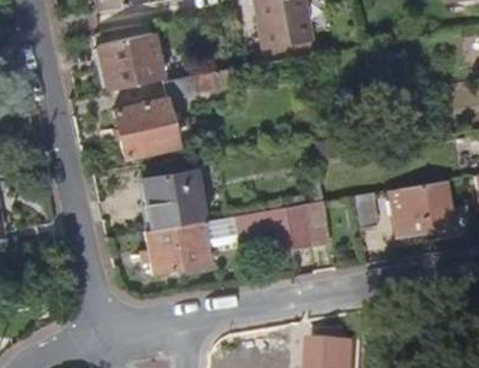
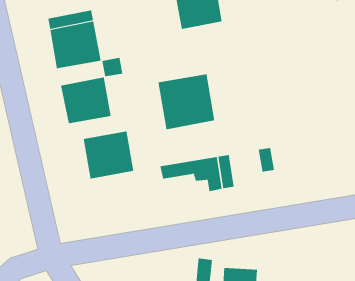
building: none -> [158,74,215,130]
building: [394,178,455,237] -> none
building: [146,220,211,273] -> none

